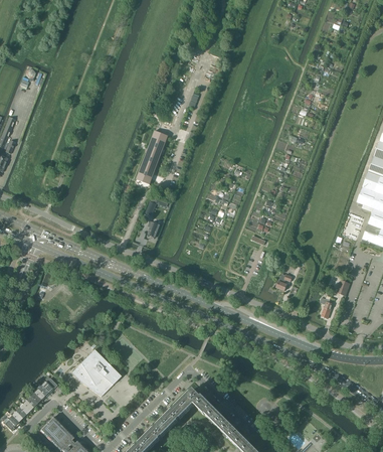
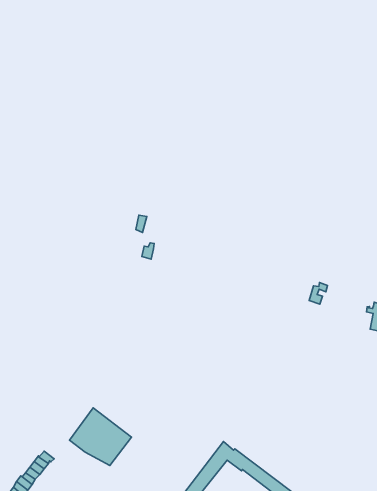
building: [136,131,167,183] -> none

